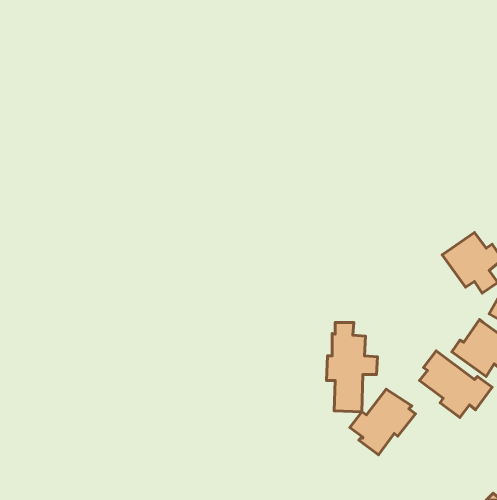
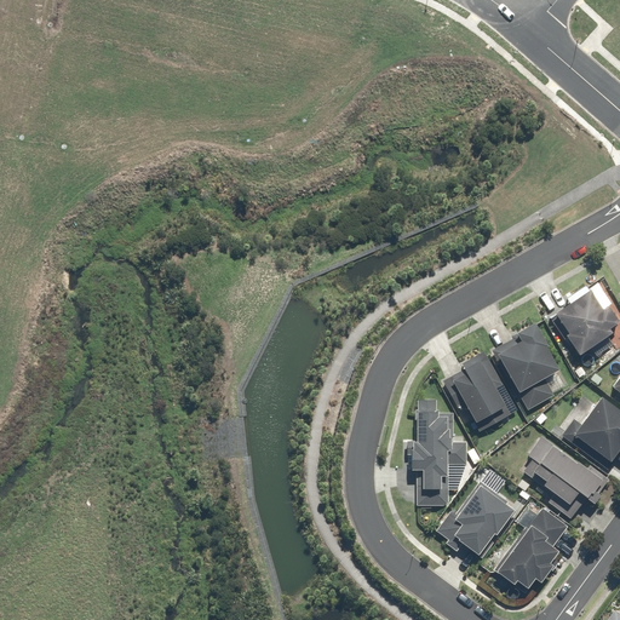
building: none -> [494,322,570,408]
building: none -> [443,351,516,432]
building: none -> [496,505,569,591]

